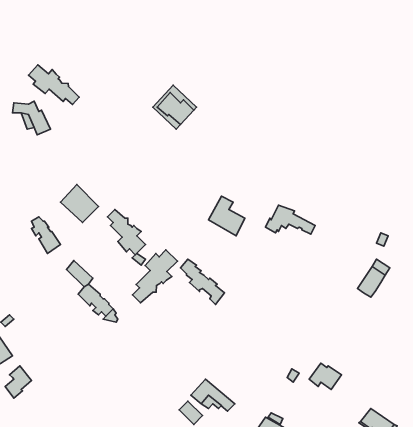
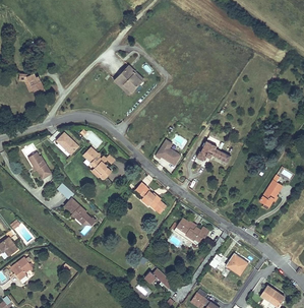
building: [29,65,79,105] -> none
building: [132,250,177,303] -> none
building: none -> [174,218,209,245]

